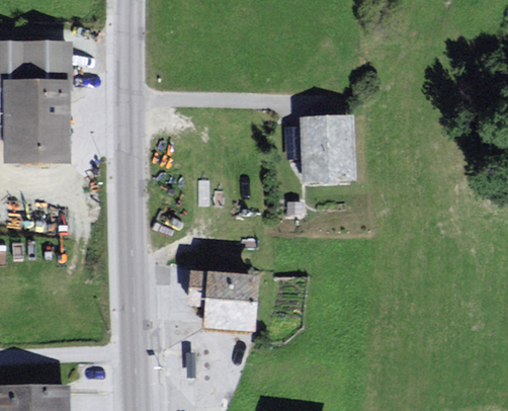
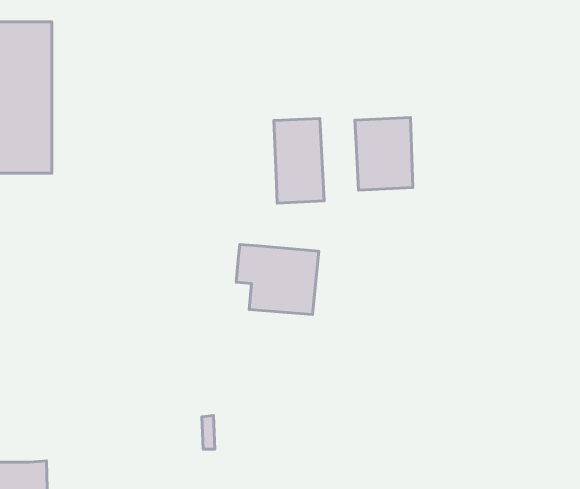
building: none -> [274,118,324,203]
building: [194,273,259,328] -> [236,245,319,315]

